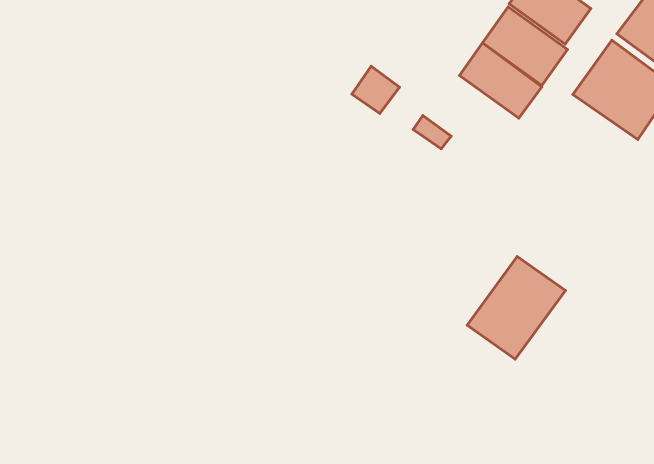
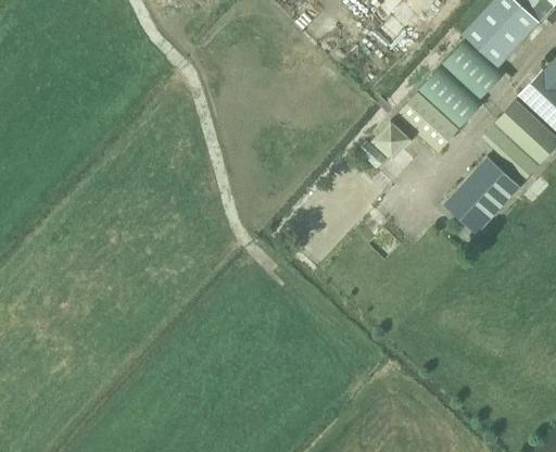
building: [352,66,399,114] -> [375,118,412,155]
building: [467,257,565,359] -> [444,154,522,233]

